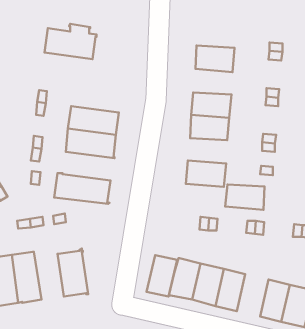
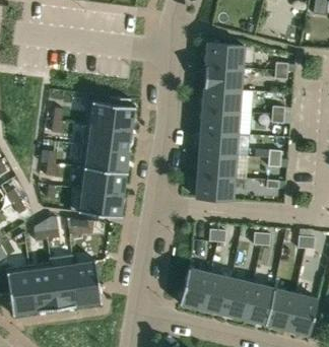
building: none -> [206,44,245,68]
building: [45,24,97,59] -> [86,96,136,130]
building: none -> [203,88,241,113]
building: none -> [78,167,128,195]
building: [225,184,265,210] -> [198,154,236,179]
building: none -> [50,255,79,308]
building: [146,255,177,297] -> none
building: none -> [245,284,275,325]

